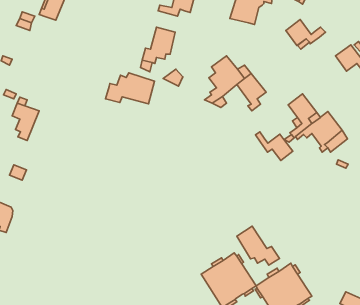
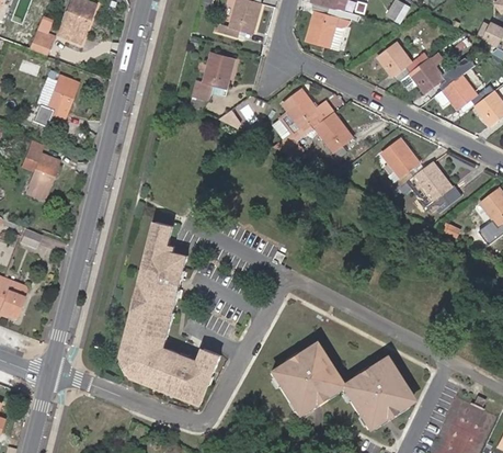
building: none -> [410,53,462,93]
building: none -> [47,77,77,122]
building: [106,73,155,104] -> none
building: [255,132,293,161] -> none
building: none -> [119,220,218,404]
building: [237,226,279,265] -> none

